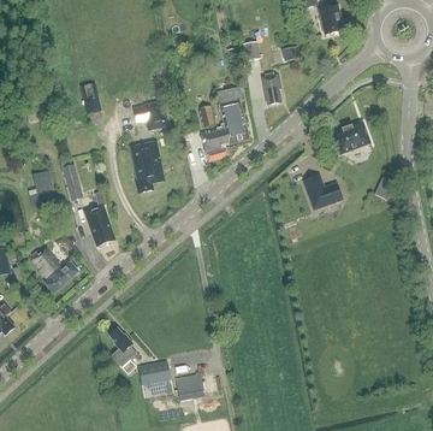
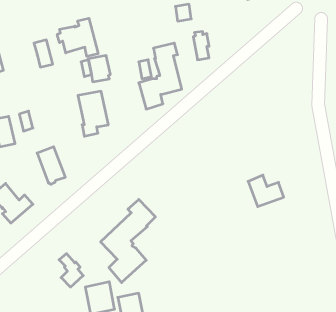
building: none -> [57,18,98,56]
building: [332,120,370,154] -> none
building: [302,173,343,209] -> [248,175,284,207]
building: none -> [101,199,155,283]

